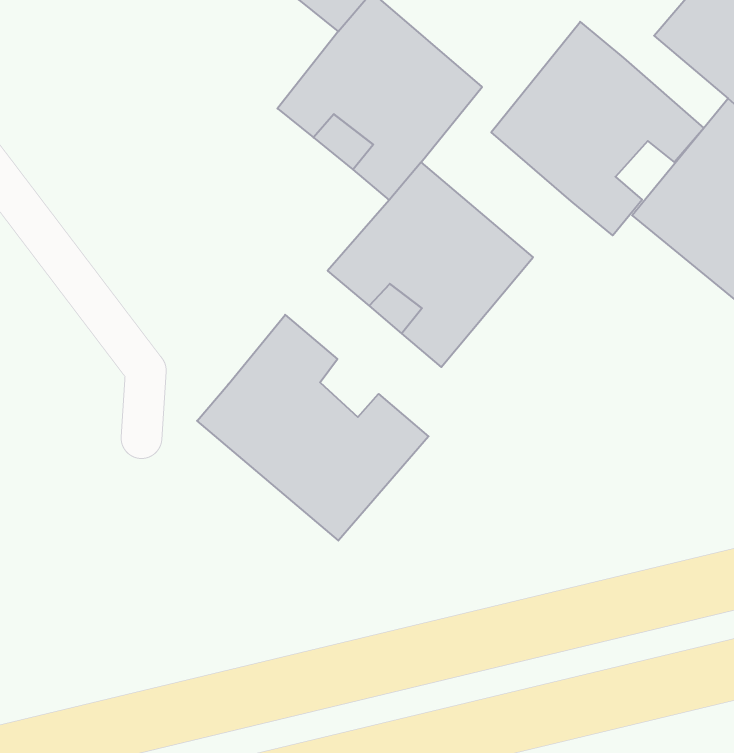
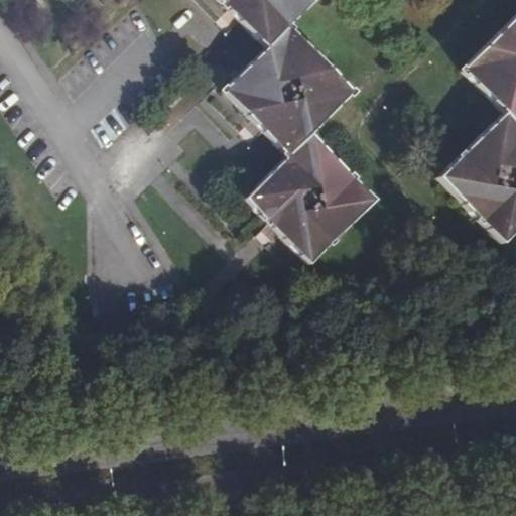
building: [491,22,704,235] -> none
building: [197,315,429,541] -> none

